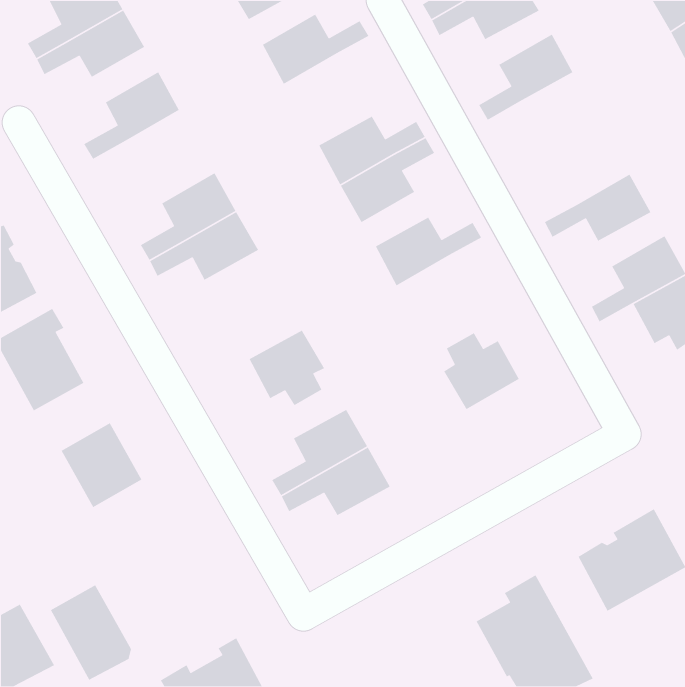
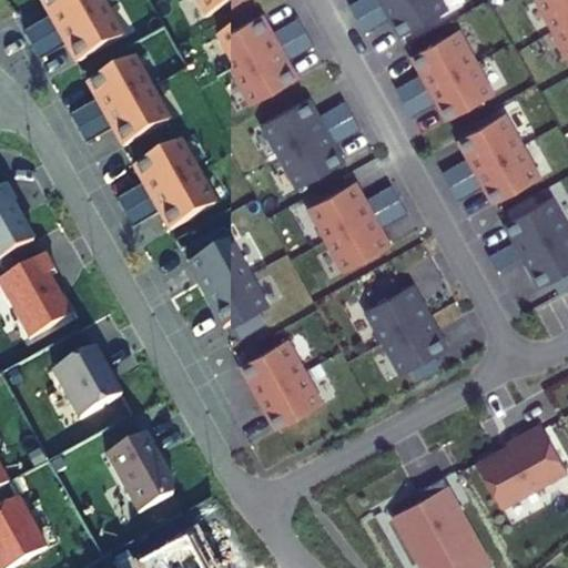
building: none -> [235,30,314,101]
building: none -> [404,60,493,116]
building: none -> [78,91,168,149]
building: none -> [443,111,521,183]
building: none -> [328,196,407,267]
building: none -> [189,232,251,296]
building: none -> [386,313,448,378]
building: [50,584,132,681] -> [105,434,173,514]

